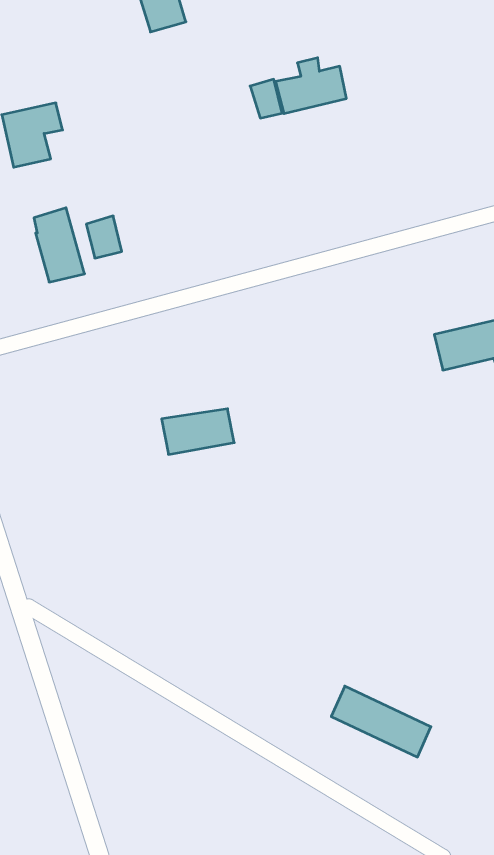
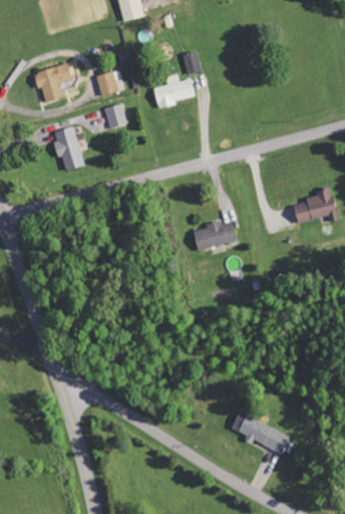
building: [275,58,346,114] -> [153,73,196,106]
building: none -> [97,71,124,95]
building: [86,216,122,258] -> [106,103,127,128]
building: [162,409,234,454] -> [194,222,237,249]

